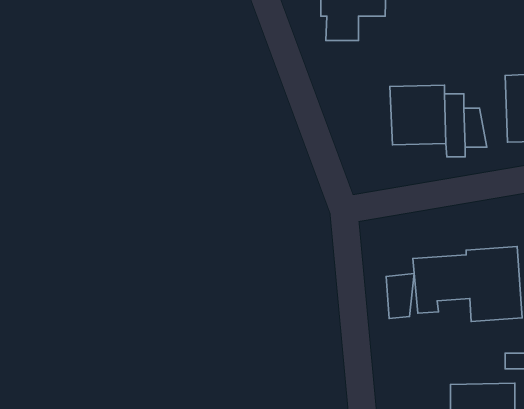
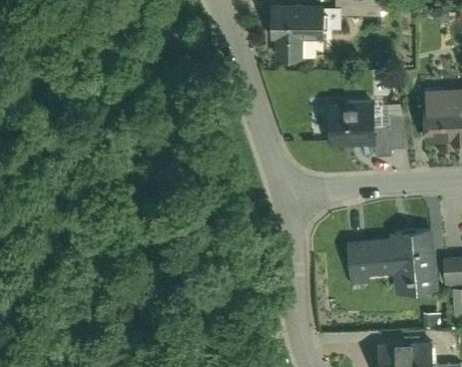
building: [386,274,414,318] -> none

